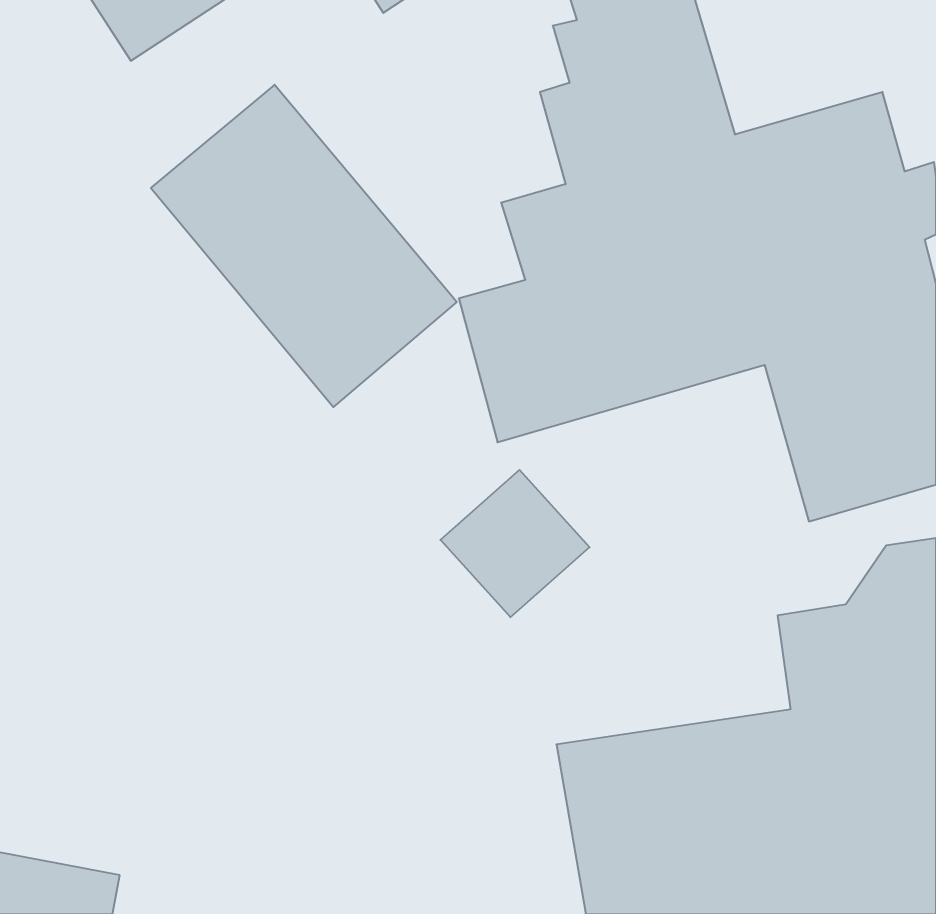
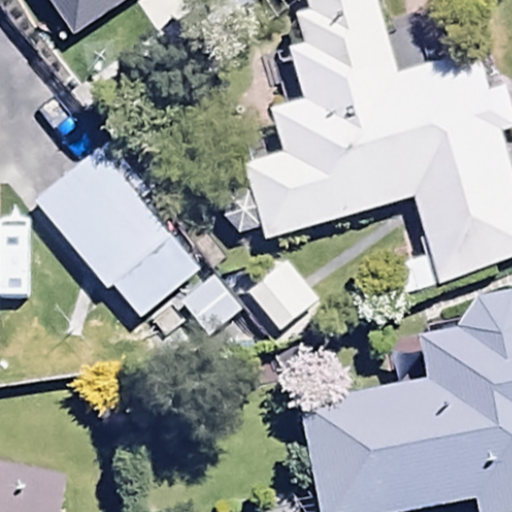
building: [151,85,457,407] -> [34,144,200,319]

